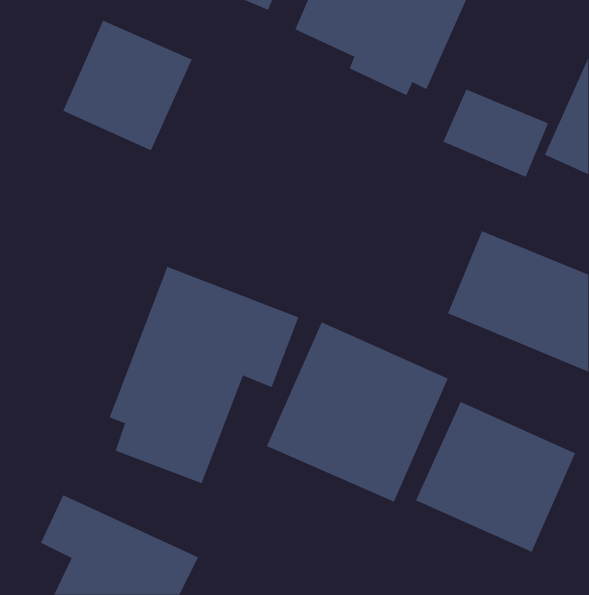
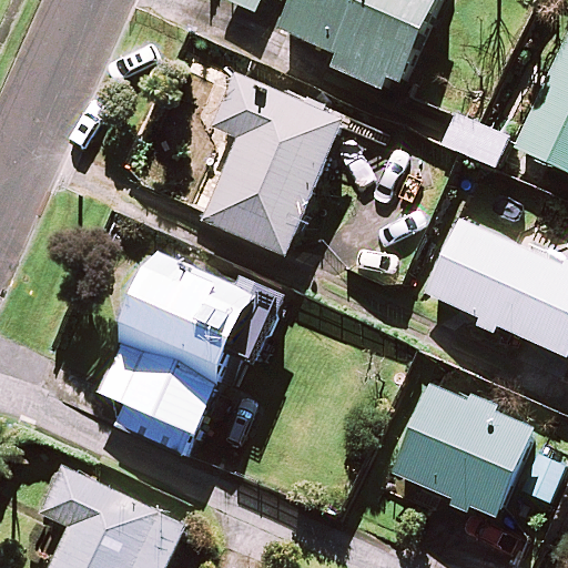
building: [63,20,192,151] -> none
building: none -> [199,69,345,255]
building: [266,321,449,502] -> none

